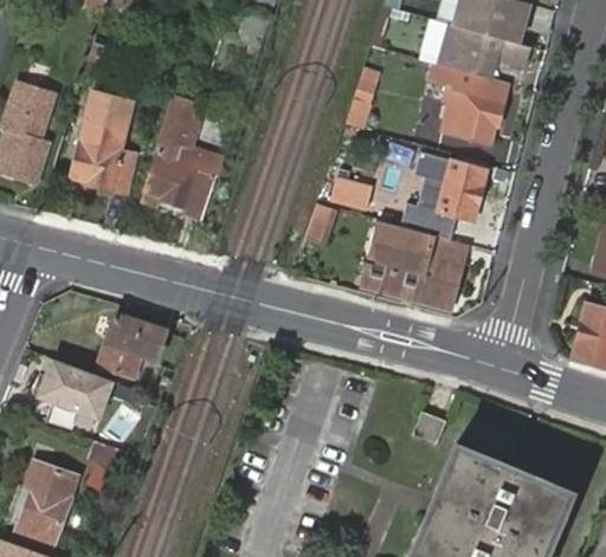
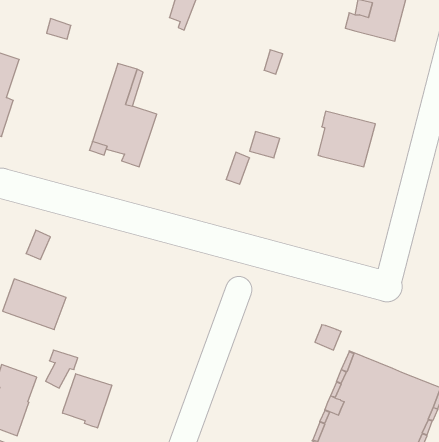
building: [428,63,508,143] -> none
building: [70,93,137,194] -> none
building: [366,221,468,307] -> none
building: [91,313,166,377] -> none
building: none -> [63,374,112,428]

